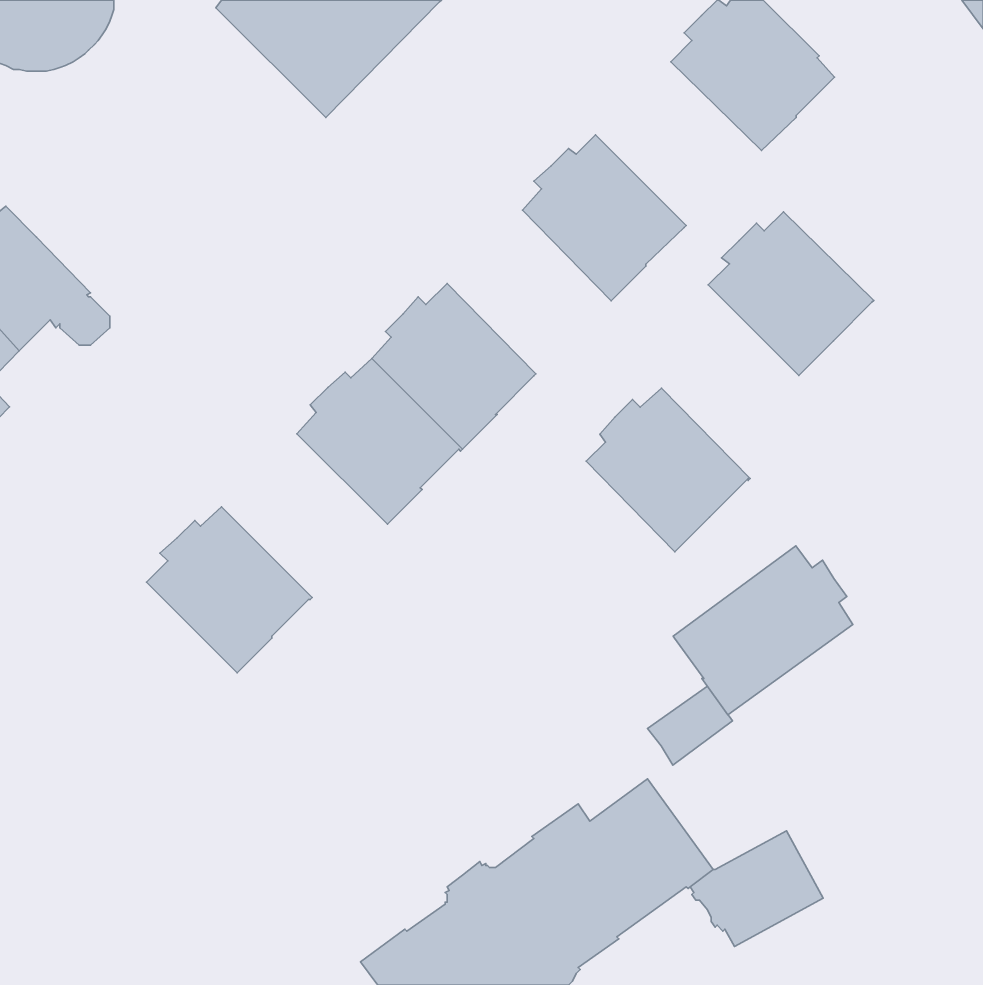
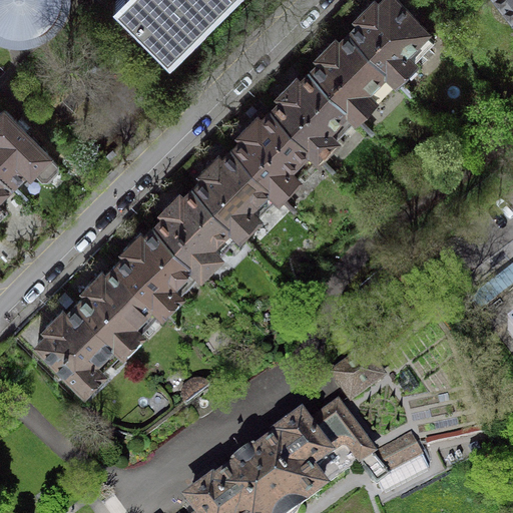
building: [708,212,874,376] -> [310,32,396,117]
building: [586,388,750,552] -> [232,109,318,194]
building: none -> [115,225,201,311]
building: [673,546,853,715] -> none
building: none -> [36,303,123,389]

